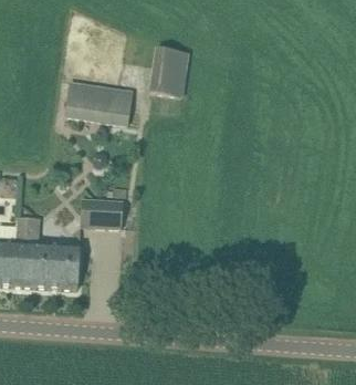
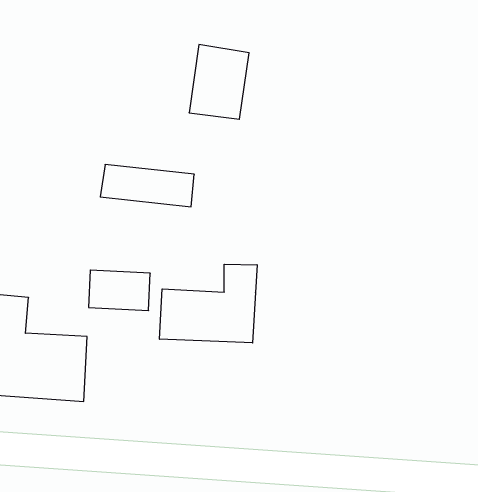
building: [66,93,130,122] -> [100,165,194,207]
building: none -> [160,264,257,343]

